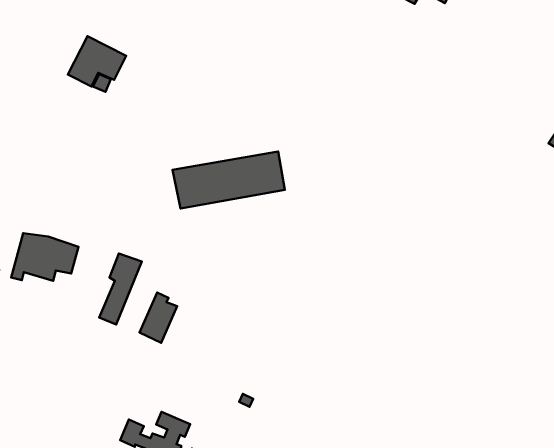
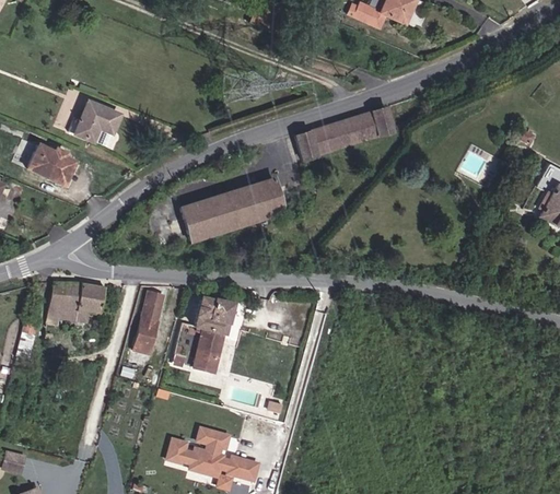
building: none -> [27,144,77,186]
building: none -> [296,107,395,160]
building: none -> [191,295,231,370]

